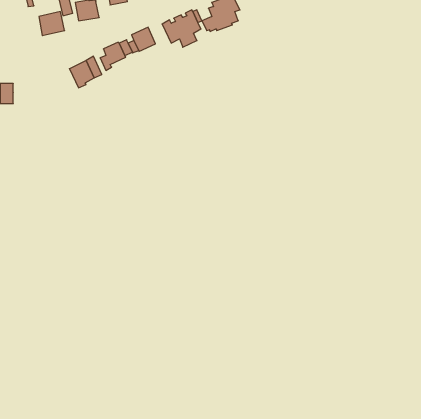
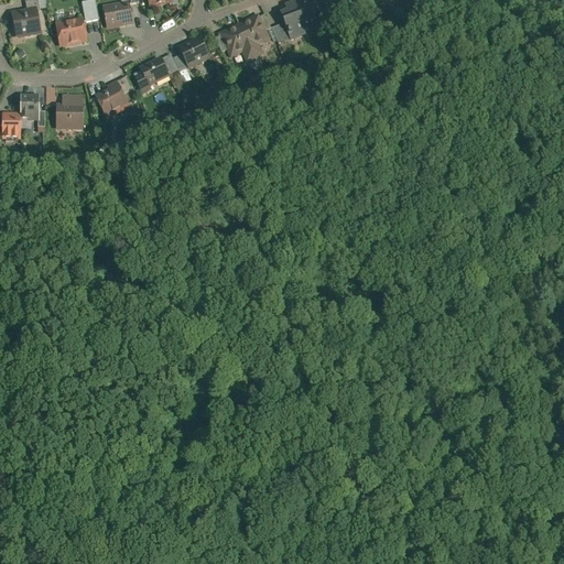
building: none -> [11,7,42,39]
building: none -> [20,91,39,123]
building: none -> [56,95,84,130]

